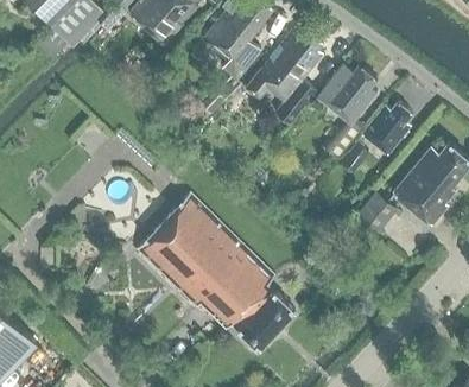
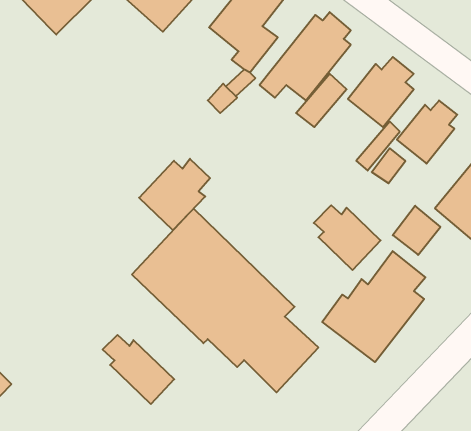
building: none -> [139,159,210,230]
building: none -> [314,205,381,270]
building: none -> [322,251,425,362]
building: none -> [103,335,174,404]

